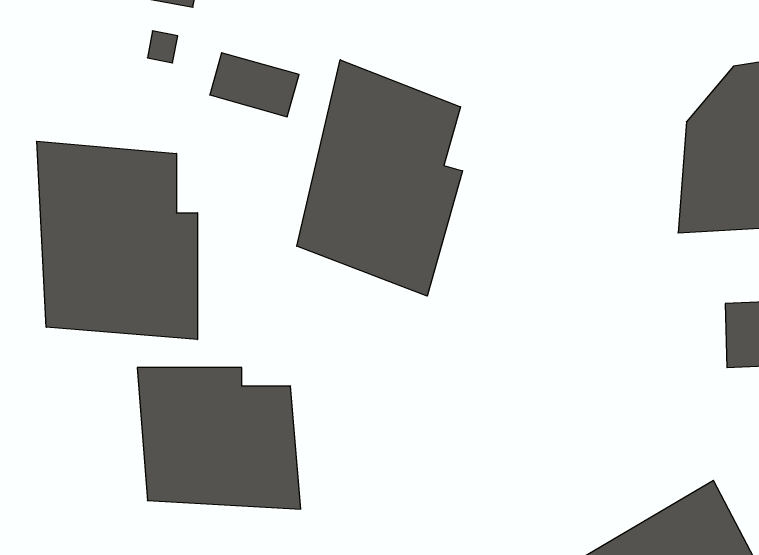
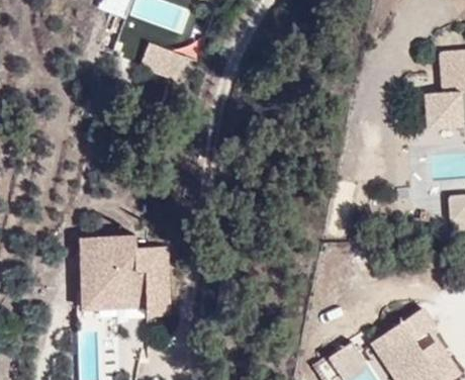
building: [297,60,463,296] -> none
building: [37,141,197,340] -> none

